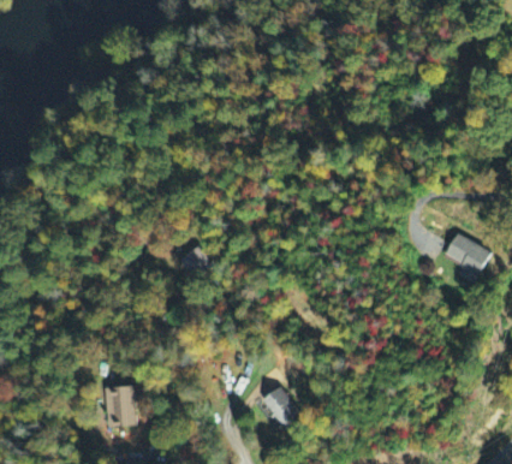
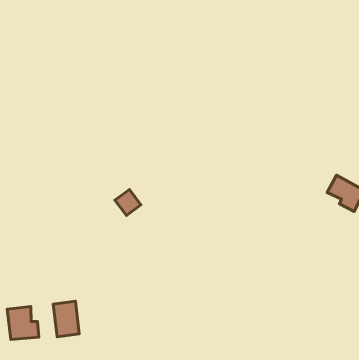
building: [263,389,300,430] -> none
building: none -> [7,306,39,339]

